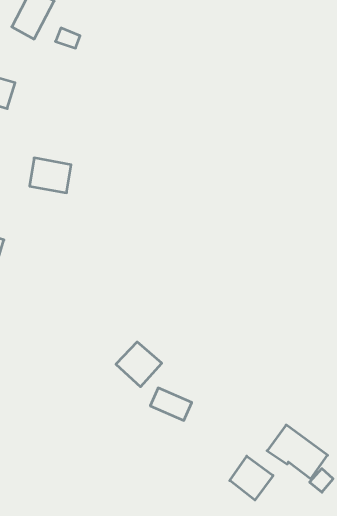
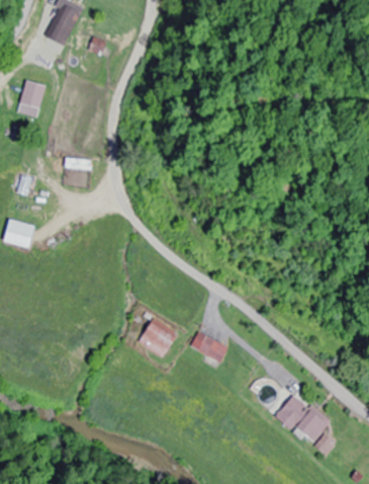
building: [150,388,192,420] -> [189,332,226,361]
building: [230,456,273,500] -> none

